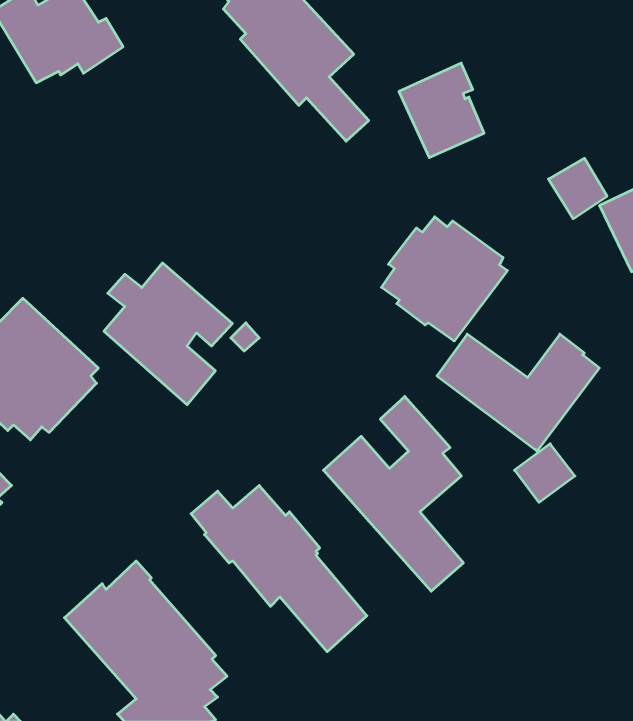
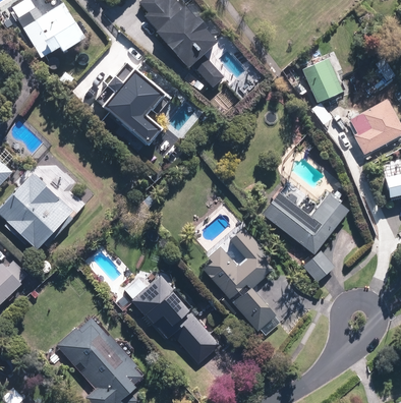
building: [399,63,484,158] -> [299,52,345,103]
building: [381,217,507,341] -> none
building: [104,263,232,405] -> [99,69,168,146]

